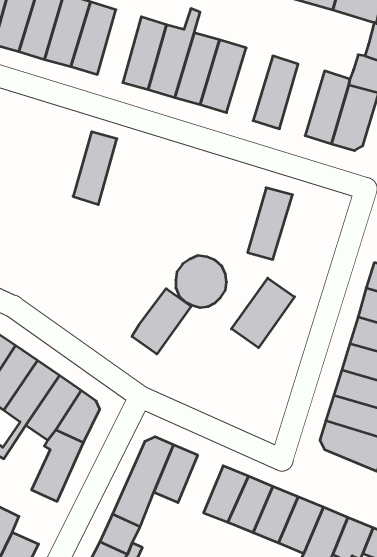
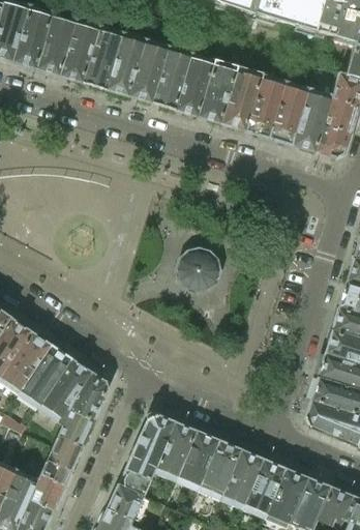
building: none -> [221,65,263,130]
building: [73,132,117,205] -> [106,31,145,96]
building: [248,188,293,259] -> [269,80,309,144]
building: [231,278,295,348] -> none
building: [132,289,191,354] -> none
building: none -> [178,431,218,482]
building: none -> [29,462,69,510]

